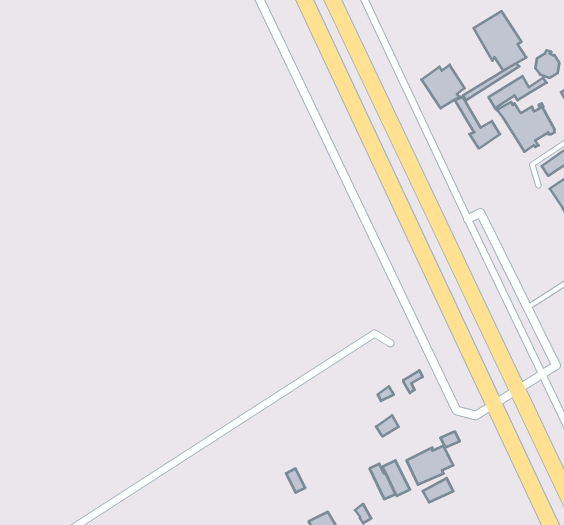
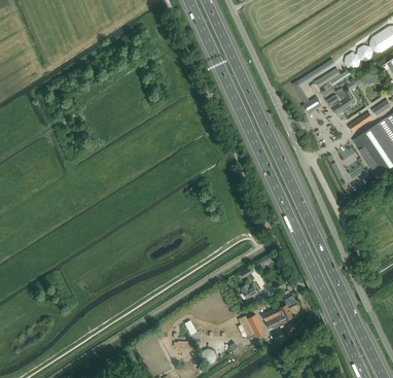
building: [474,11,526,71] -> none
building: [421,65,465,108] -> none

